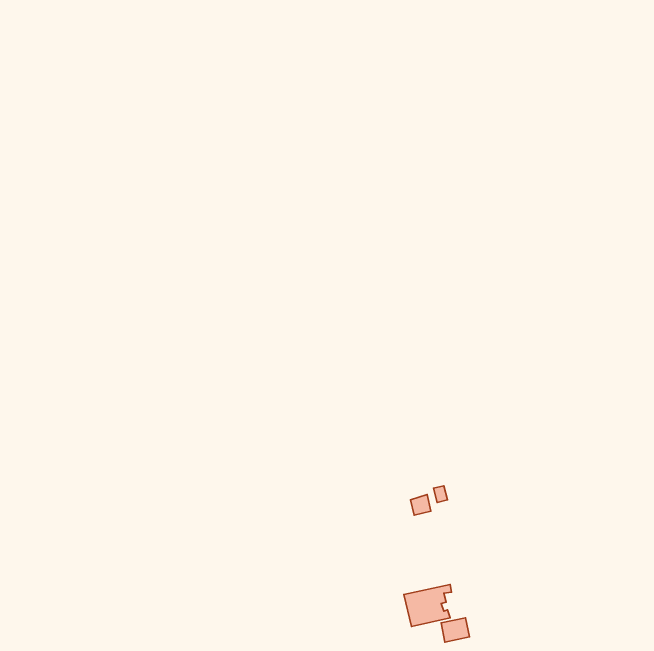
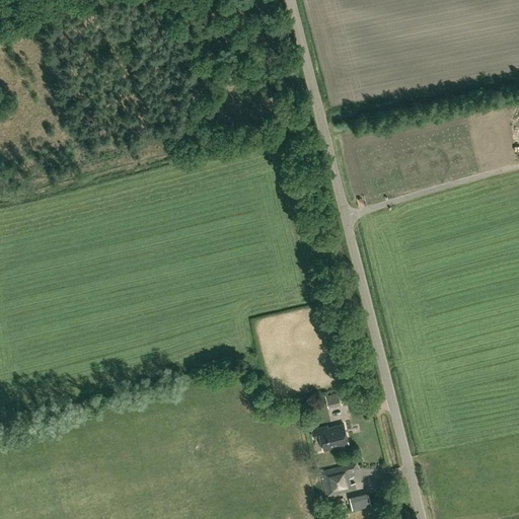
building: none -> [310,426,348,452]

